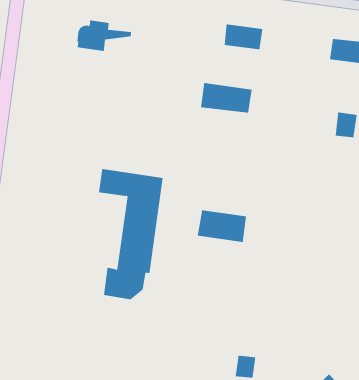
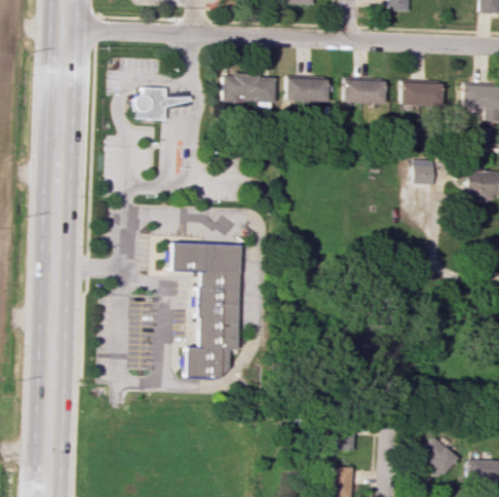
building: none -> [343,80,385,104]
building: [200,82,252,113] -> [223,74,276,102]
building: [197,209,246,243] -> none

